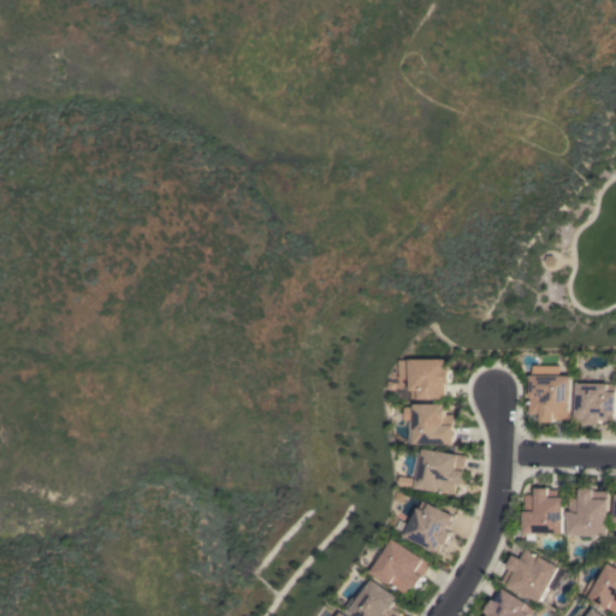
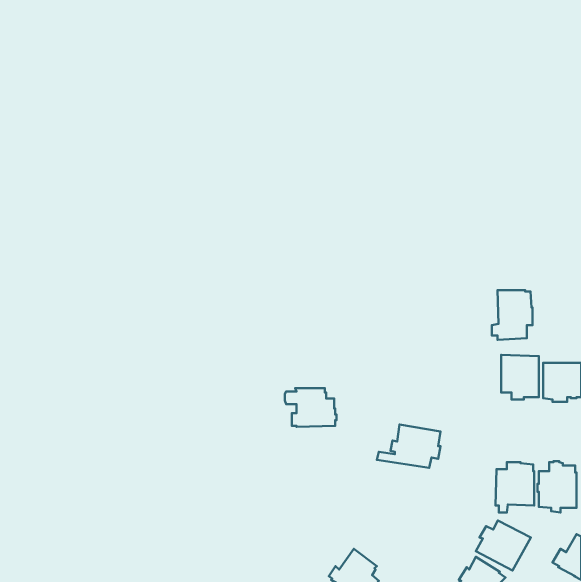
building: none -> [492,290,532,340]
building: [397,360,448,399] -> none
building: [399,404,454,445] -> [285,388,336,427]
building: [396,500,454,553] -> none
building: [372,539,430,594] -> none

